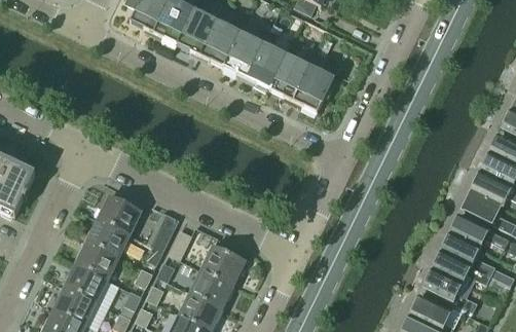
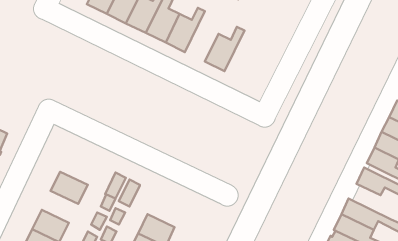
building: [246,30,286,89] -> none
building: [293,52,333,113] -> none
building: [98,192,145,235] -> none
building: [440,234,494,276] -> none
building: [76,243,119,281] -> none
building: [201,247,246,286] -> none

